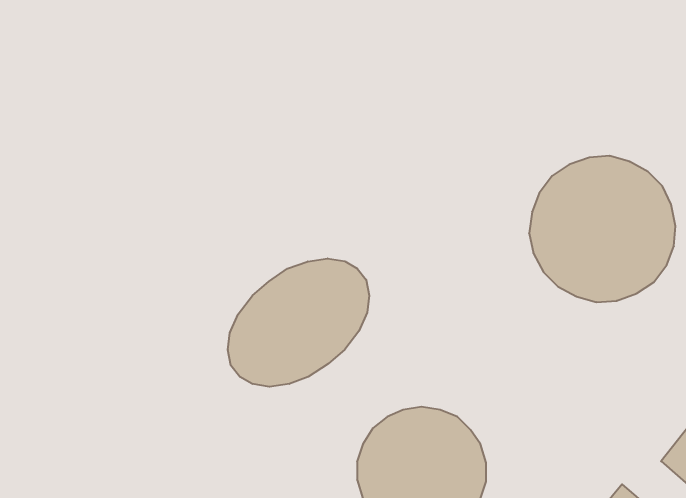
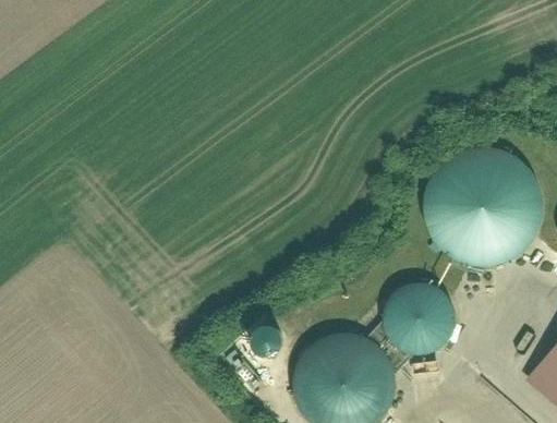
building: [228,258,369,387] -> none
building: none -> [383,285,452,354]

